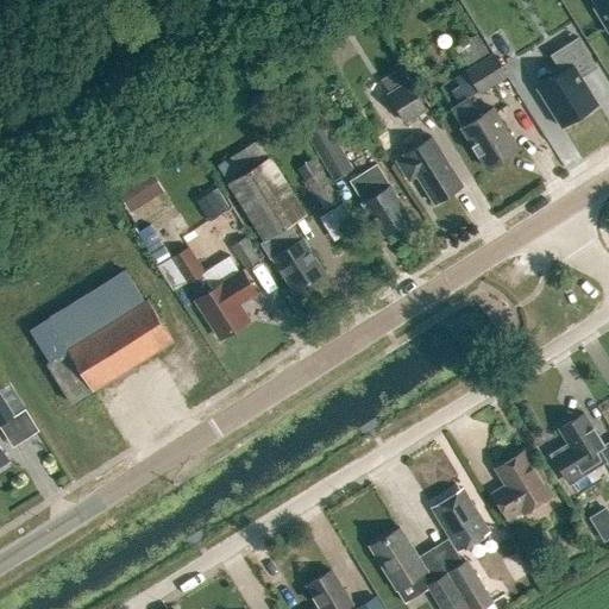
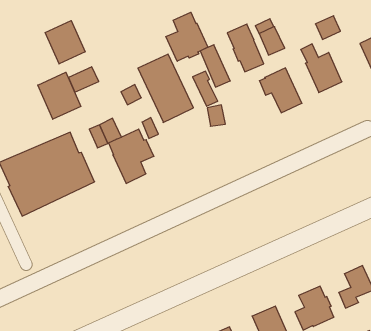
building: none -> [166,12,208,61]
building: none -> [45,21,85,64]
building: [350,165,409,236] -> [227,24,264,72]
building: none -> [38,72,81,119]
building: [257,226,321,290] -> none

